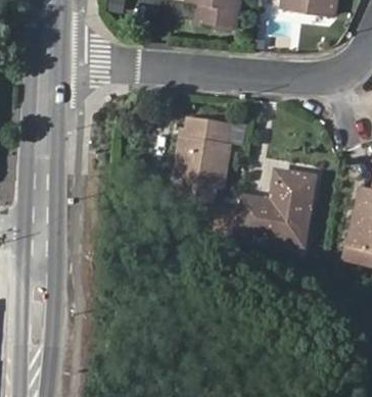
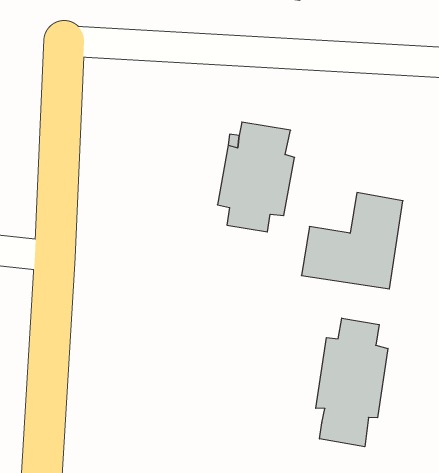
building: none -> [316,318,388,447]

